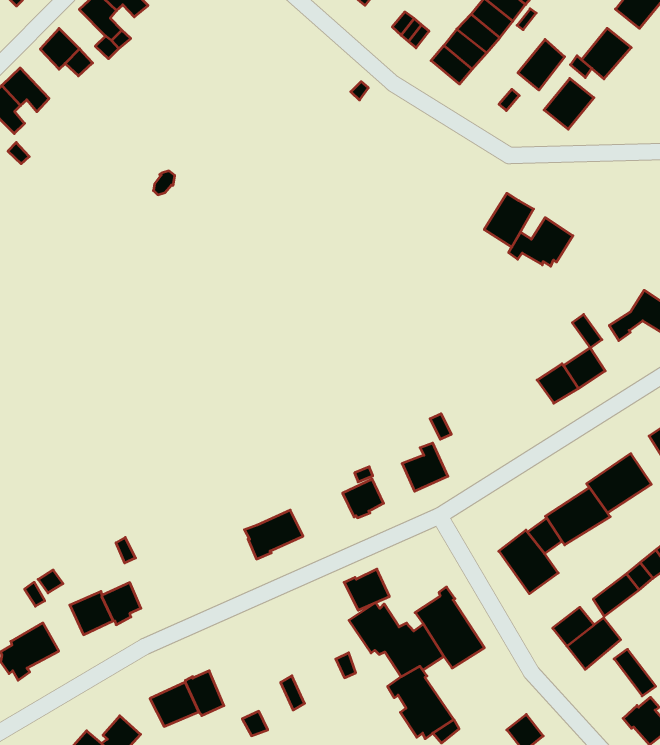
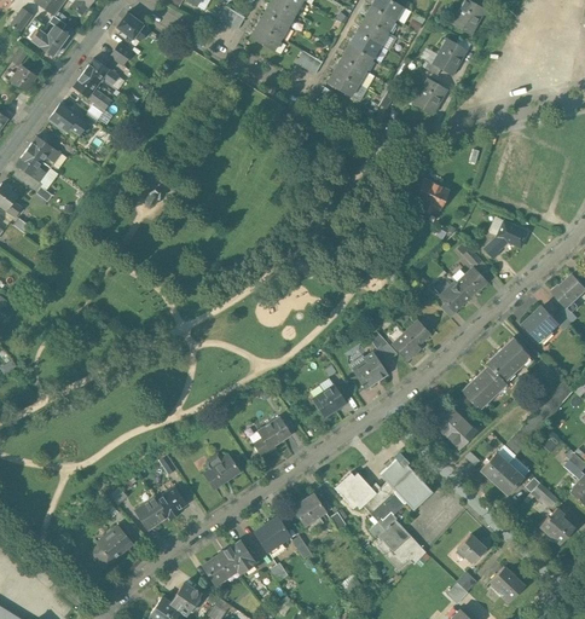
building: [518,39,565,90] -> none
building: [484,193,534,247] -> none
building: none -> [390,320,430,361]
building: none -> [204,453,239,488]
building: [344,569,389,610] -> [291,493,325,525]
building: none -> [255,516,290,551]

